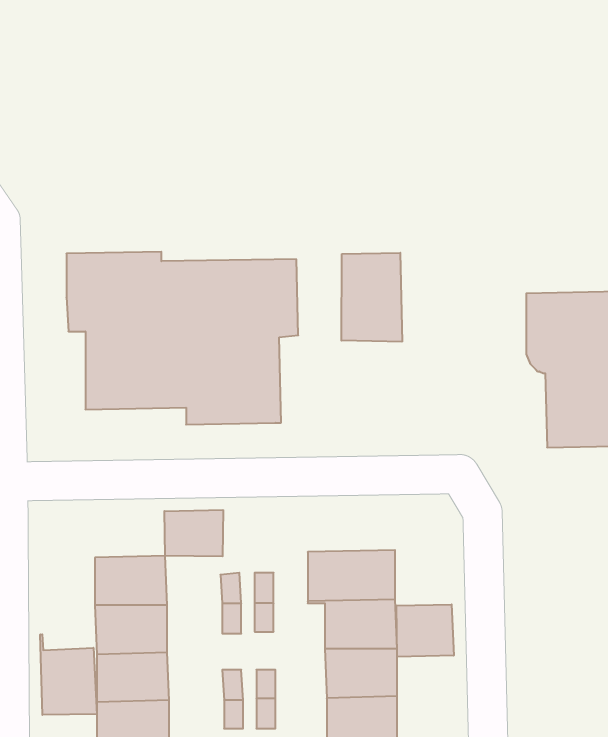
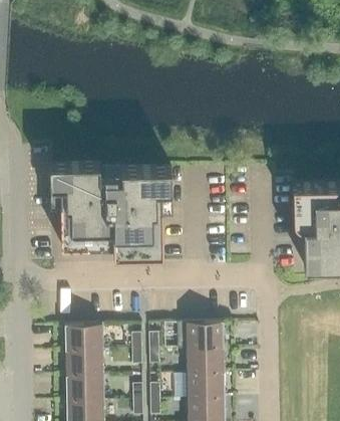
building: [341,253,402,342] -> none
building: [164,510,223,556] -> none
building: [397,604,454,657] -> none
building: [40,634,97,715] -> none

